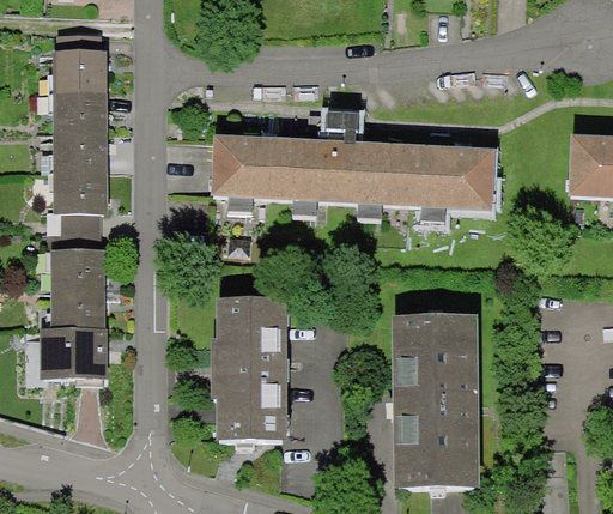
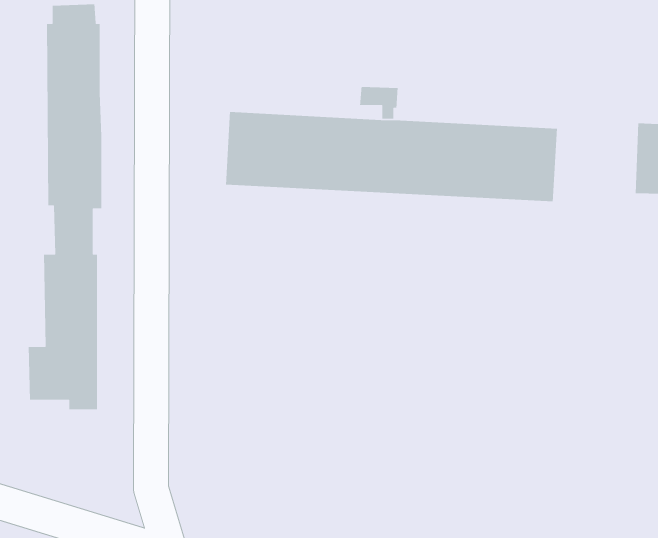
building: [212,303,283,440] -> none
building: [397,320,475,488] -> none

